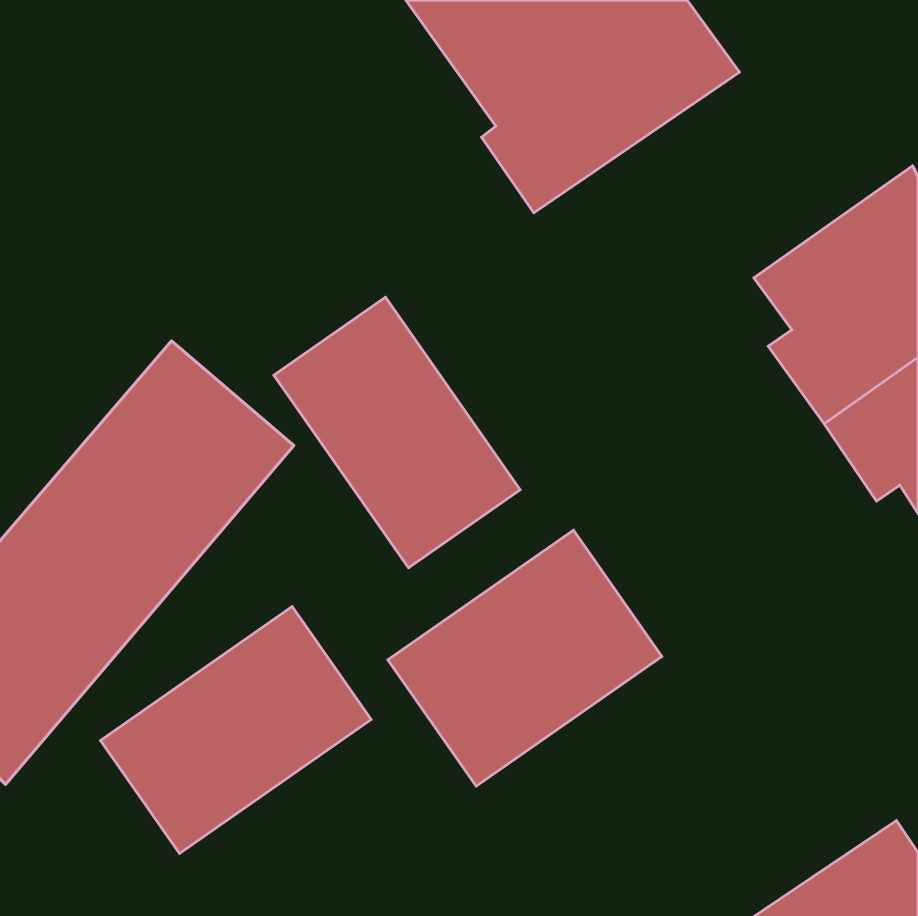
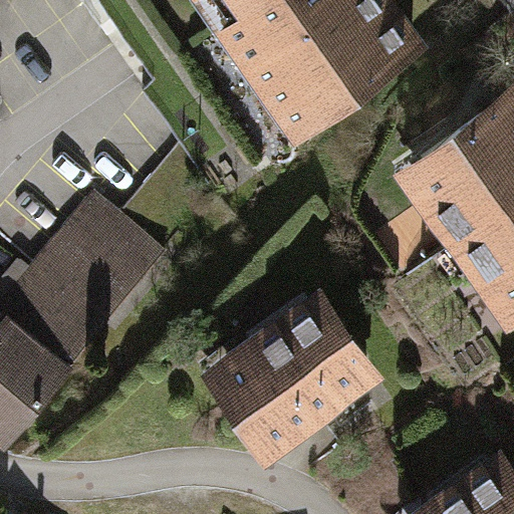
building: [274,297,520,568] -> none
building: [101,607,371,854] -> none

